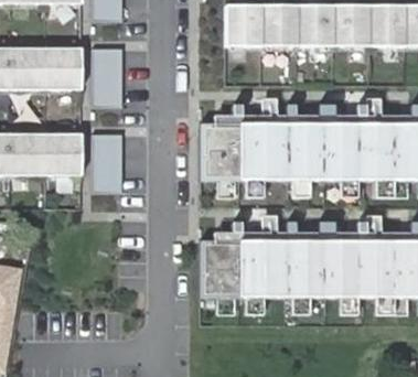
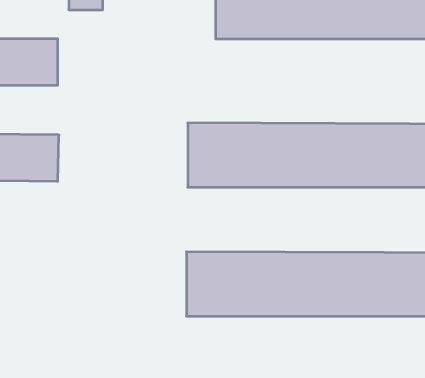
building: [92,46,122,106] -> none
building: [92,133,122,193] -> none

